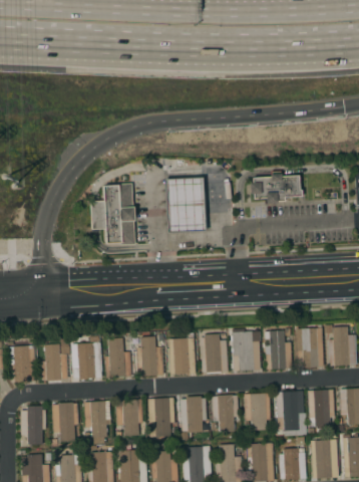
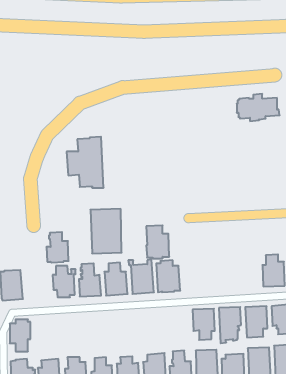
building: [251,171,303,204] -> [237,94,280,121]
building: [164,178,203,232] -> [90,209,122,253]
building: [296,327,324,368] -> none
building: [265,330,293,370] -> none
building: [233,331,261,372] -> [146,225,169,258]
building: [41,343,68,381] -> [46,232,69,263]
building: [212,395,239,432] -> none
building: [181,396,207,433] -> none
building: [148,398,175,437] -> none
building: [116,399,143,436] -> none
building: [84,401,111,444] -> none
building: [52,402,79,442] -> none

